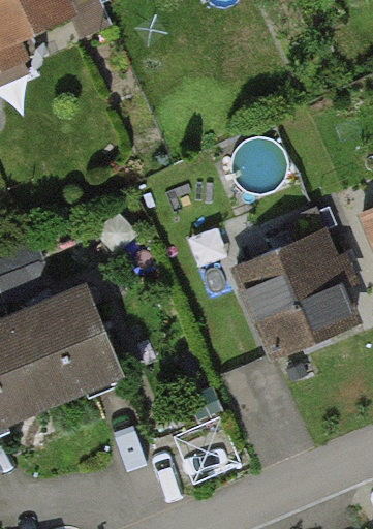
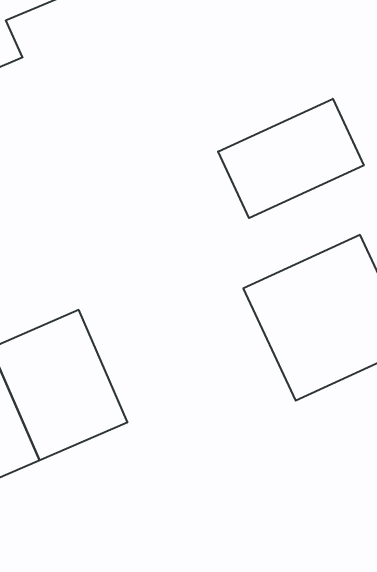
building: none -> [218,99,364,218]

